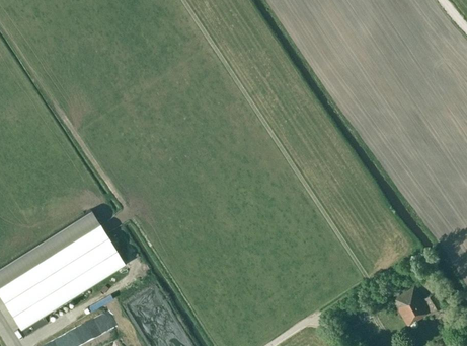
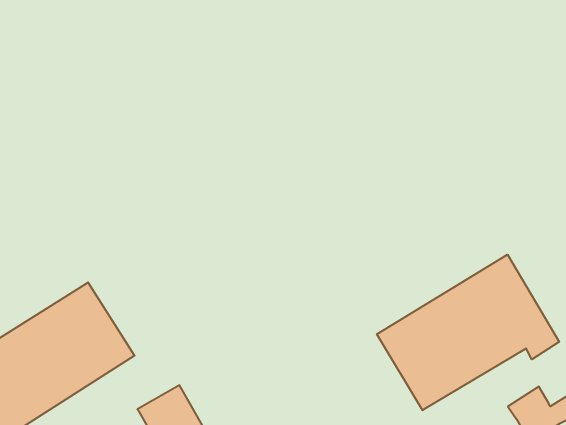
building: none -> [377,255,559,410]

